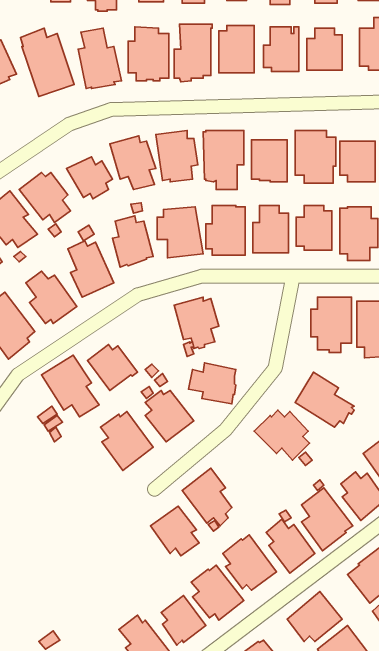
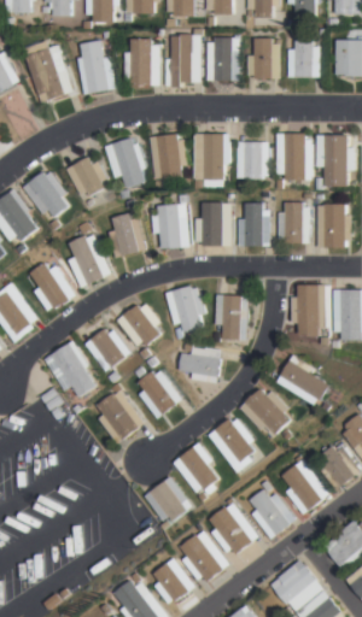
building: none -> [215,294,250,341]
building: none -> [116,304,160,346]
building: none -> [206,418,259,472]

